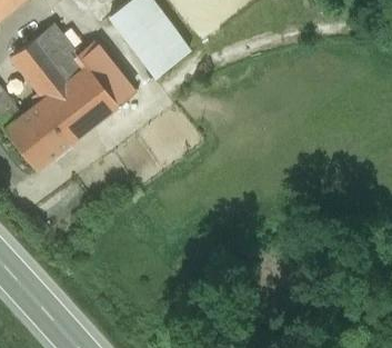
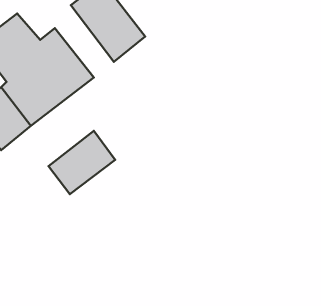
building: none -> [48,131,115,194]

